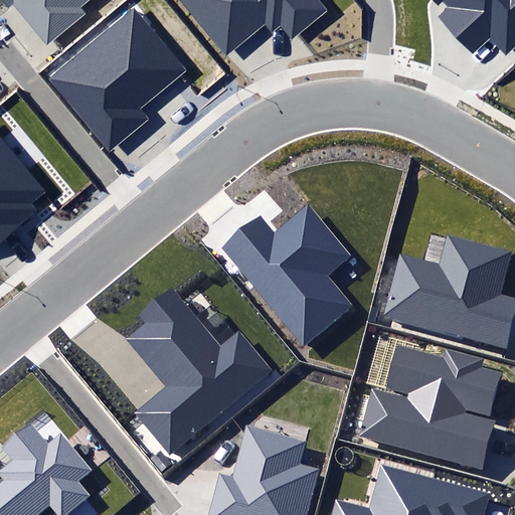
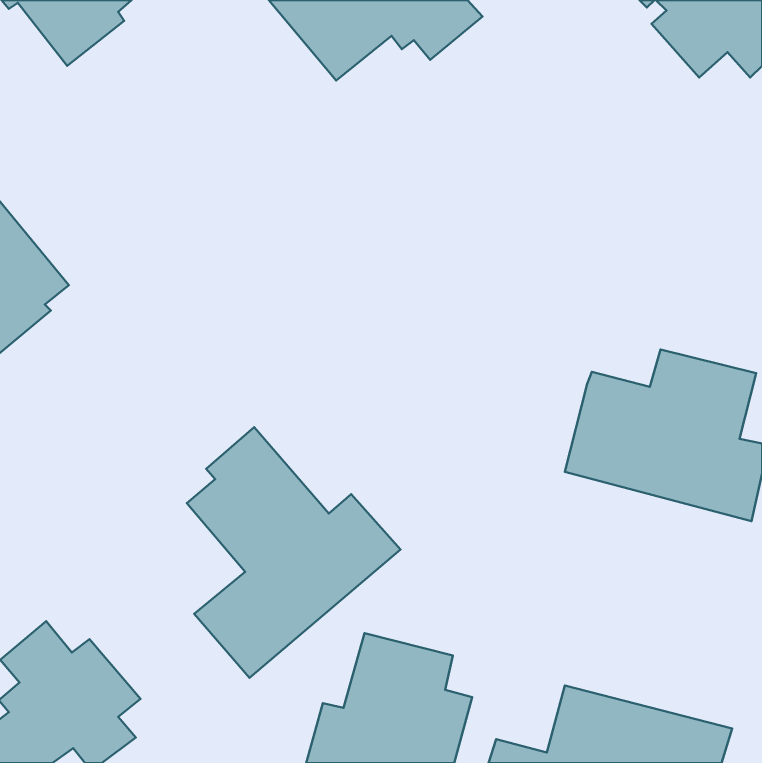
building: [47,8,186,152] -> none
building: [220,204,349,345] -> none
building: [358,347,505,468] -> none

